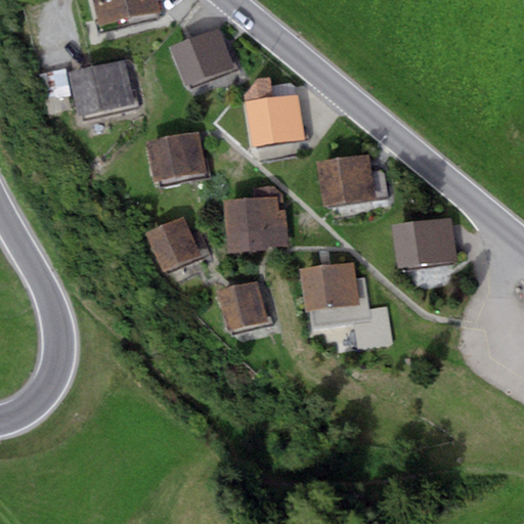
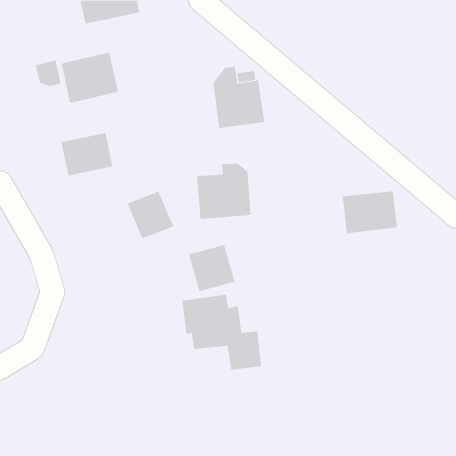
building: [169,29,234,86] -> none
building: [147,132,208,182] -> [61,132,113,176]
building: [317,156,376,206] -> none
building: [301,263,393,350] -> [181,294,262,370]

